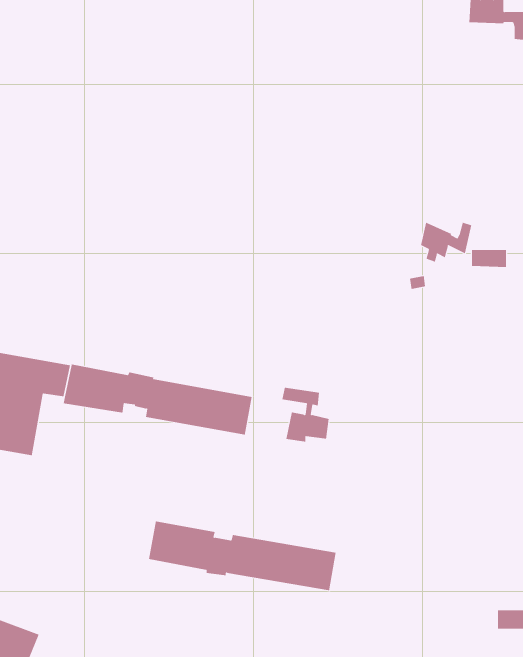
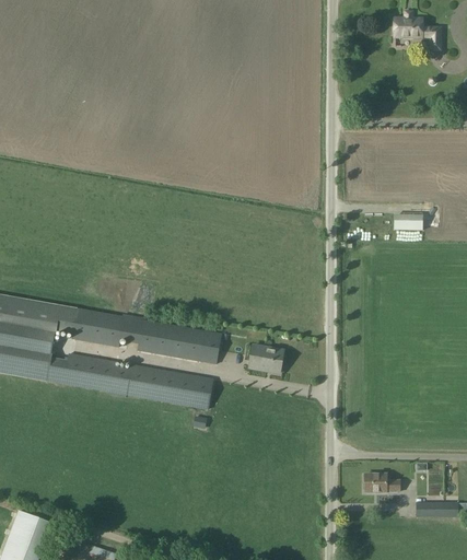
building: [421,222,472,262] -> none
building: [148,521,337,591] -> [63,353,213,409]
building: none -> [364,475,400,492]

